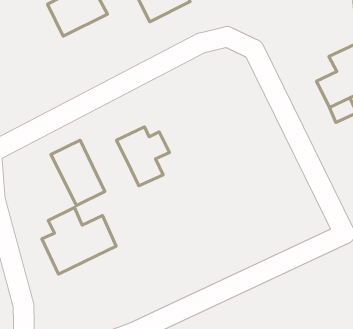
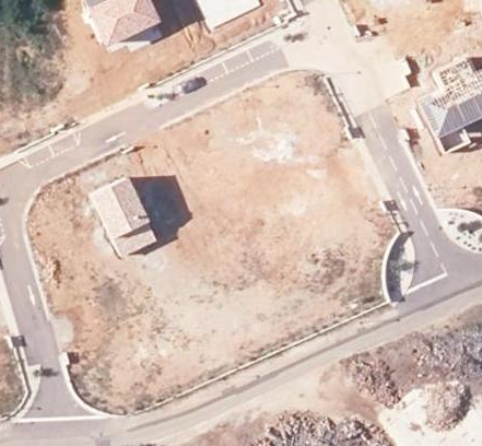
building: [117,127,169,186] -> none
building: [42,208,116,274] -> none

